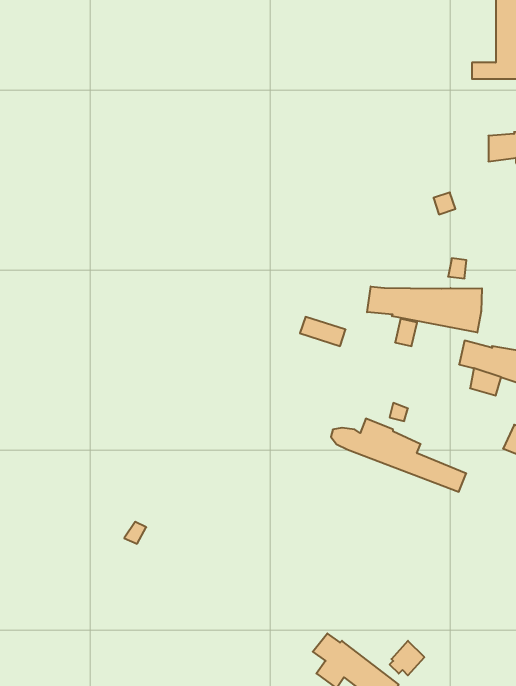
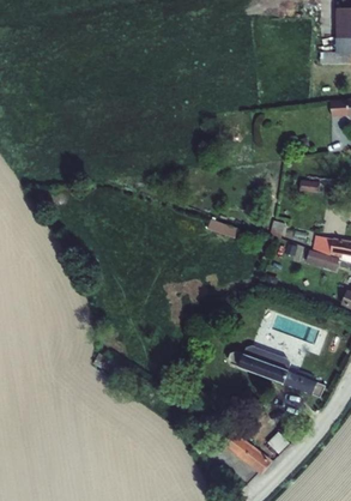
building: [367,286,482,333] -> none
building: [331,419,466,492] -> [228,345,316,393]

